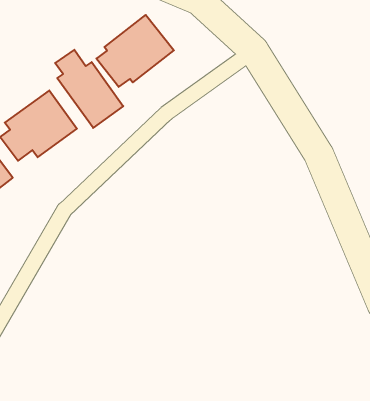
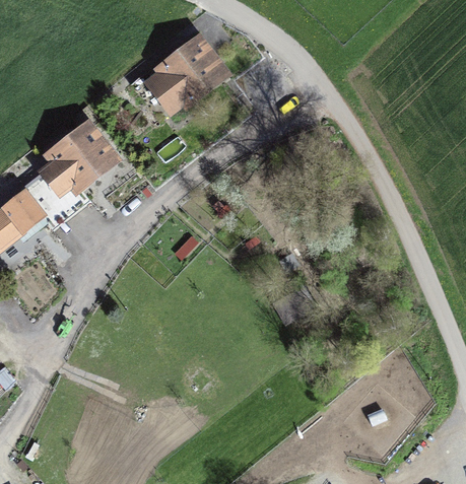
building: [55,50,123,128] -> none

